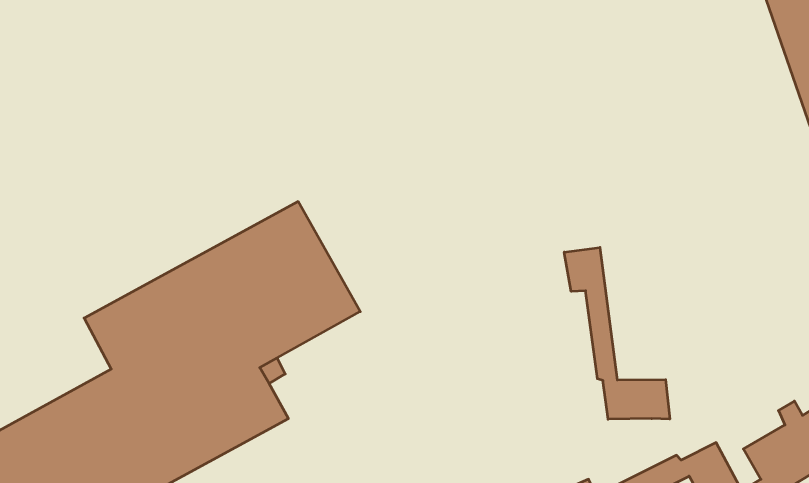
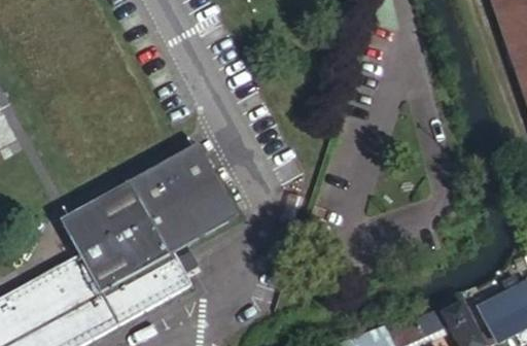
building: [564,247,670,419] -> none

